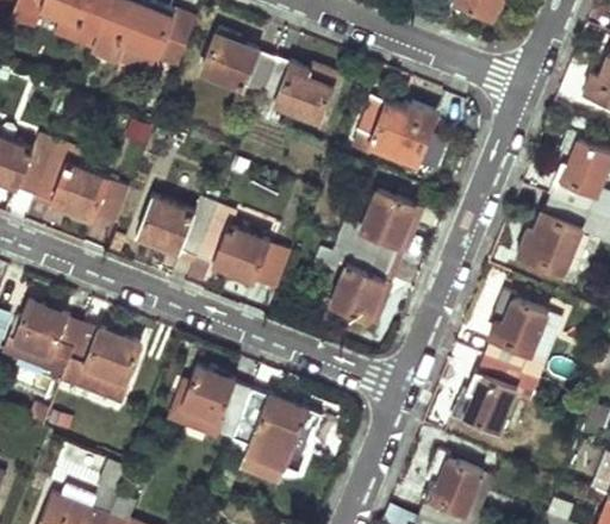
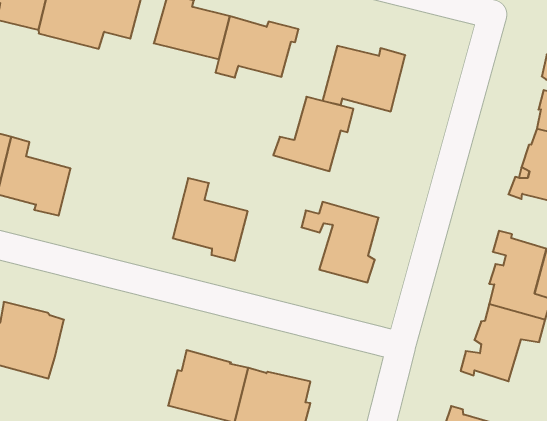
building: [342,192,423,264] -> [273,97,353,171]
building: [137,199,218,260] -> none
building: [71,324,143,406] -> none

